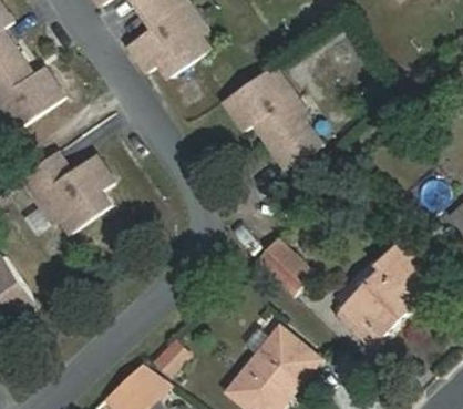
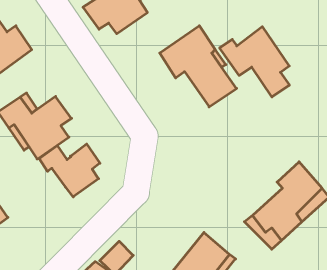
building: none -> [220,27,289,97]
building: none -> [39,144,100,197]
building: [253,236,318,299] -> none

